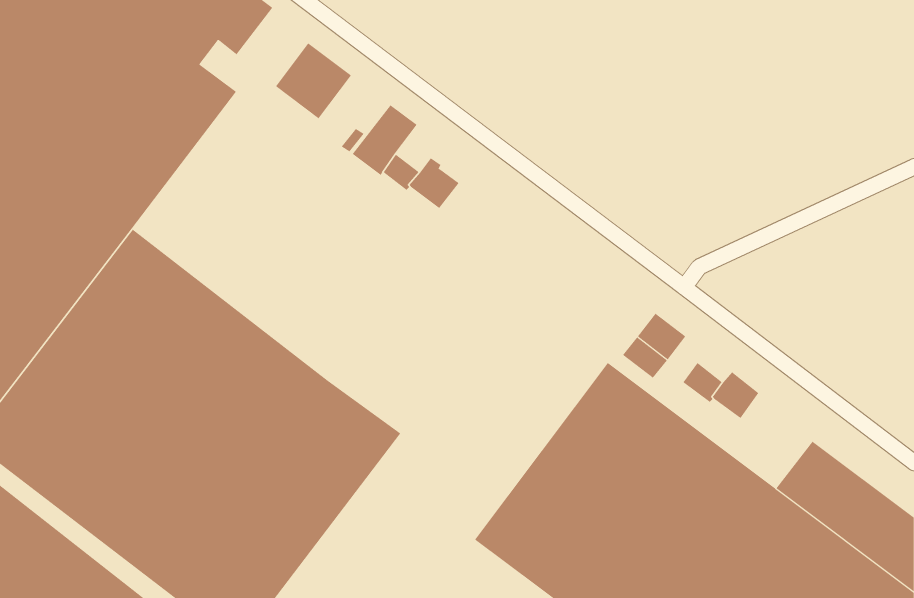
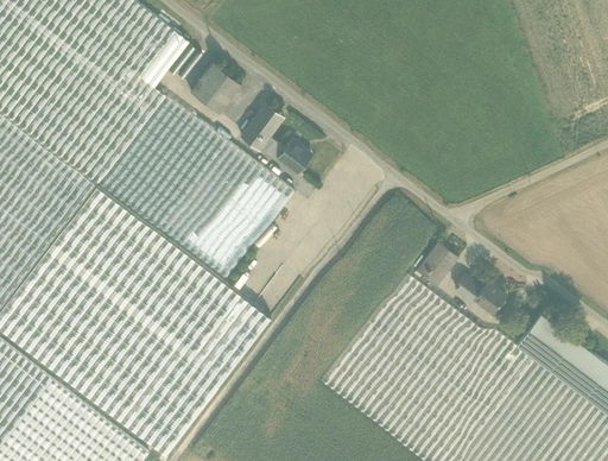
building: none -> [99,93,296,282]

